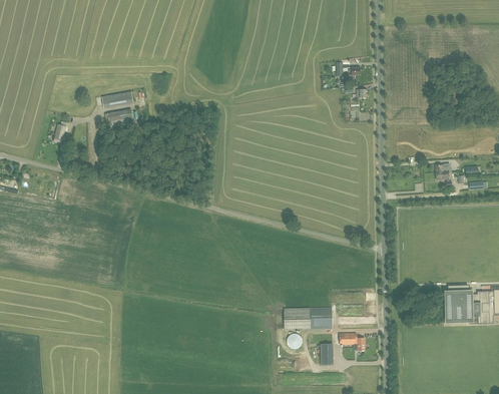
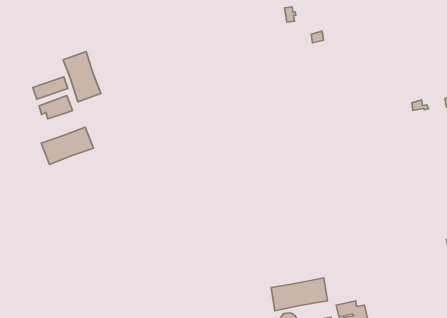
building: none -> [63,51,101,102]
building: none -> [41,127,93,164]

